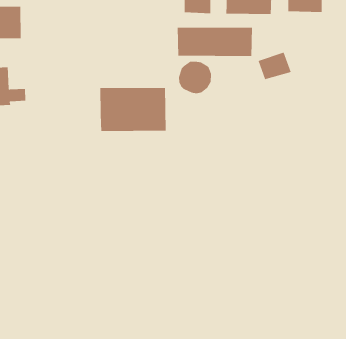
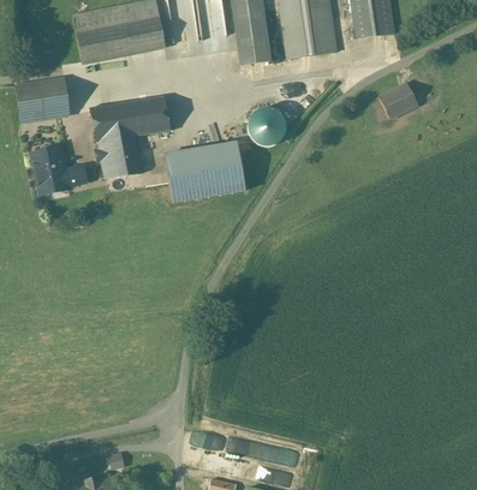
building: [177,27,253,57] -> none
building: none -> [90,96,169,180]
building: [258,52,292,80] -> [378,84,418,119]

